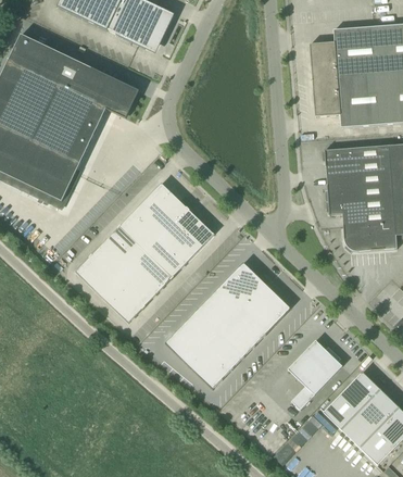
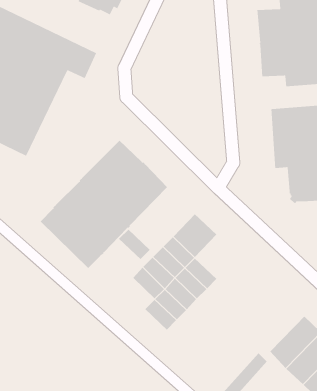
building: [243,285,291,332] -> none
building: [165,331,200,365] -> [118,229,151,260]
building: [288,339,342,409] -> none

